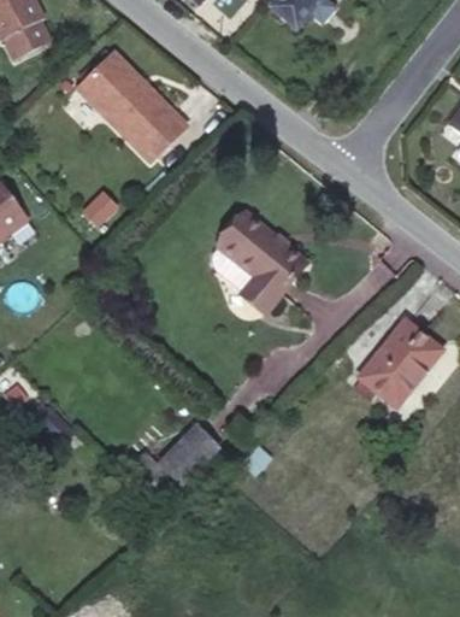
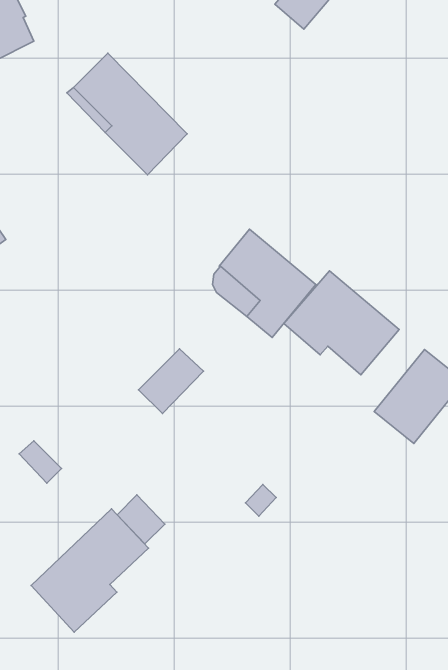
building: none -> [284,271,399,375]
building: [159,425,218,484] -> [139,349,203,414]
building: none -> [31,509,149,632]

